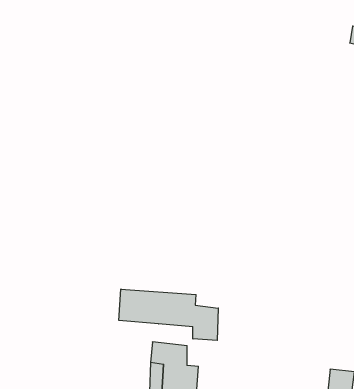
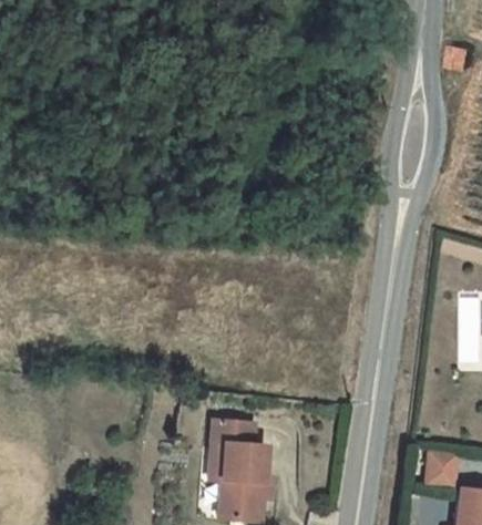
building: [119,289,218,340] -> none

